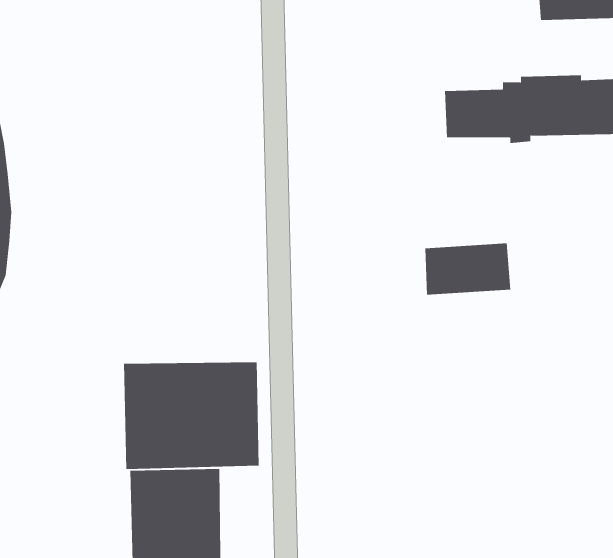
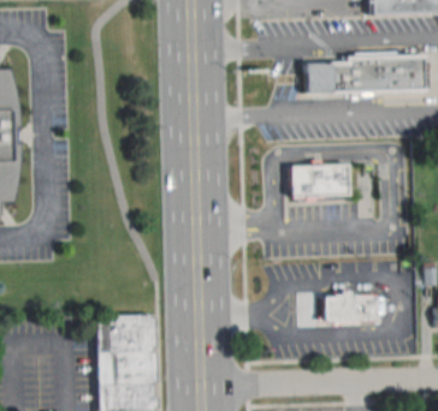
building: [124,361,259,470] -> none
building: none -> [322,290,379,324]

